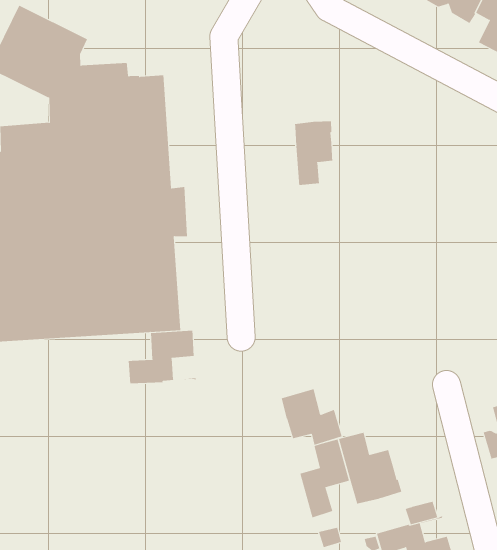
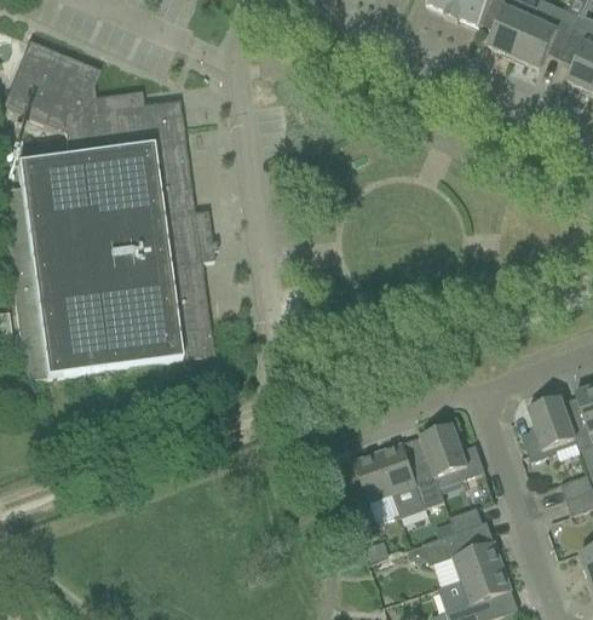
building: [294,120,333,186] -> none
building: [128,330,197,384] -> none
building: [281,388,342,445] -> [421,425,485,482]

